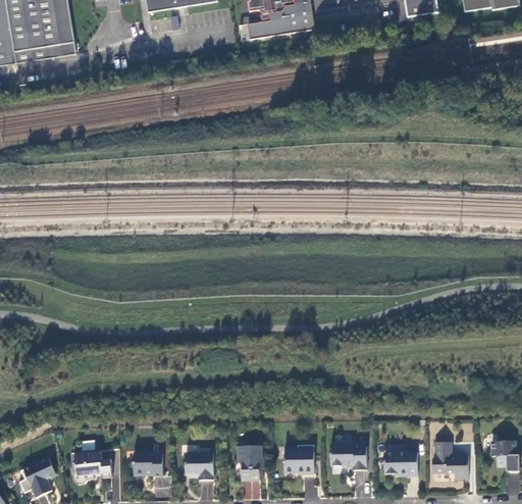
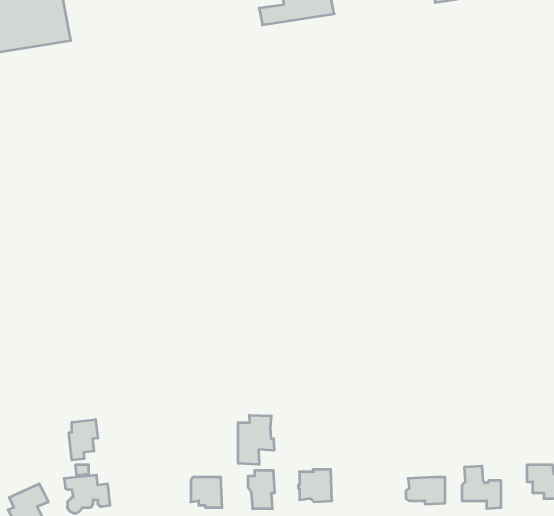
building: none -> [238,415,274,465]
building: none -> [69,419,98,460]
building: [330,443,366,469] -> none
building: [134,451,162,474] -> none

